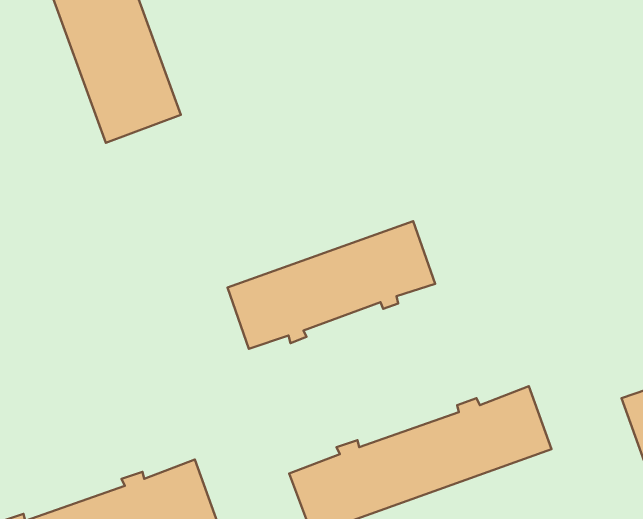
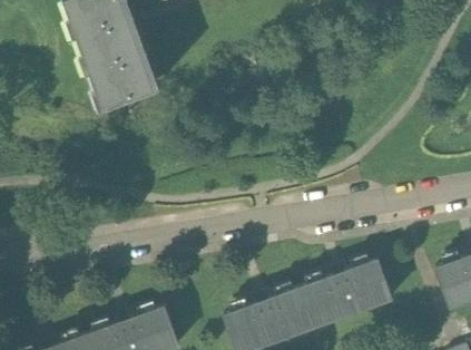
building: [227,221,435,349] -> none

